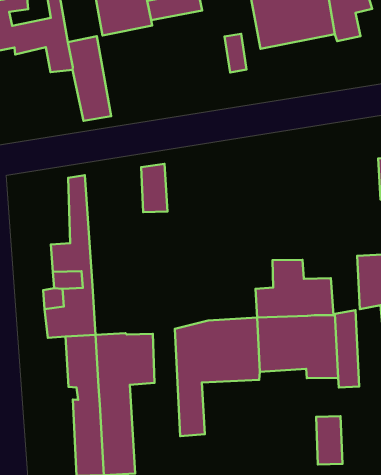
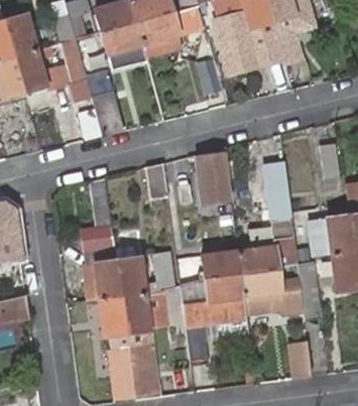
building: none -> [199,154,230,202]
building: none -> [264,163,293,241]
building: none -> [117,251,181,294]
building: none -> [202,251,241,277]

